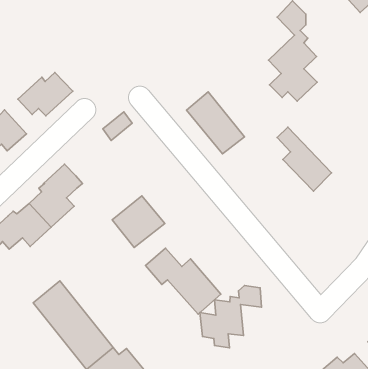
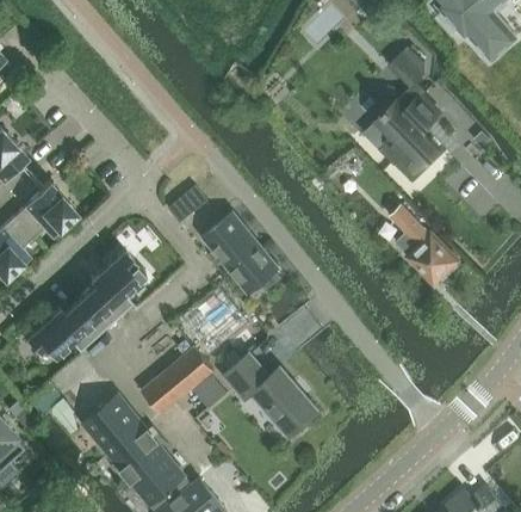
building: [18,73,73,116] -> none
building: [186,92,245,154] -> [205,215,278,292]
building: none -> [143,348,230,415]
building: [200,285,261,348] -> none

